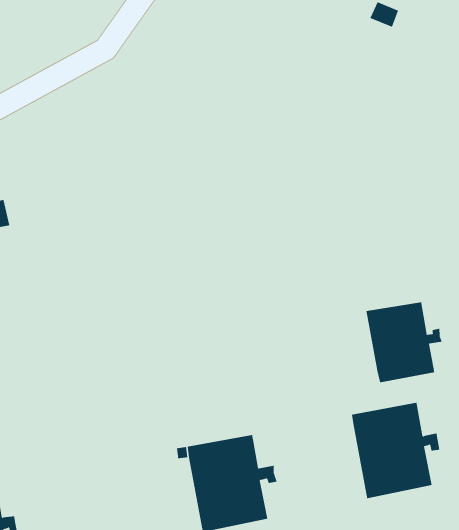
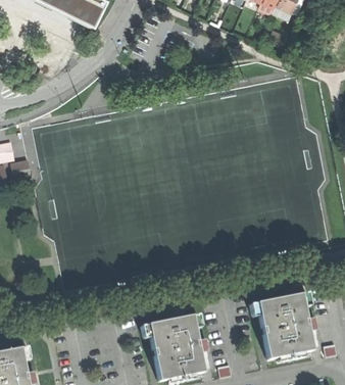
building: [366,302,442,383] -> none

